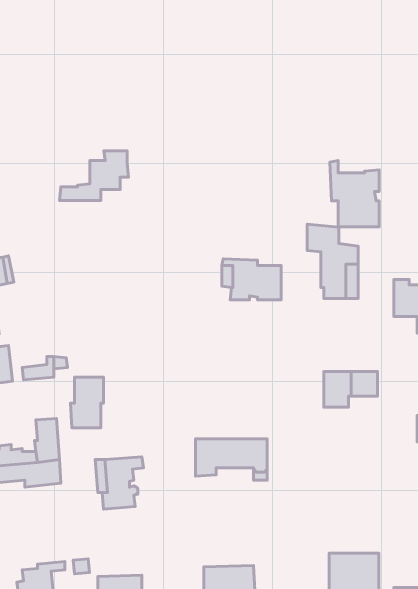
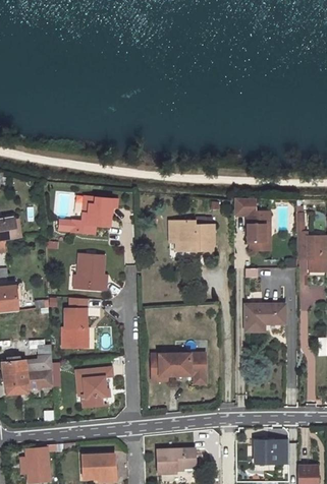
building: [60,151,128,200] -> [60,195,111,232]
building: [330,161,379,227] -> none
building: none -> [79,254,108,290]

